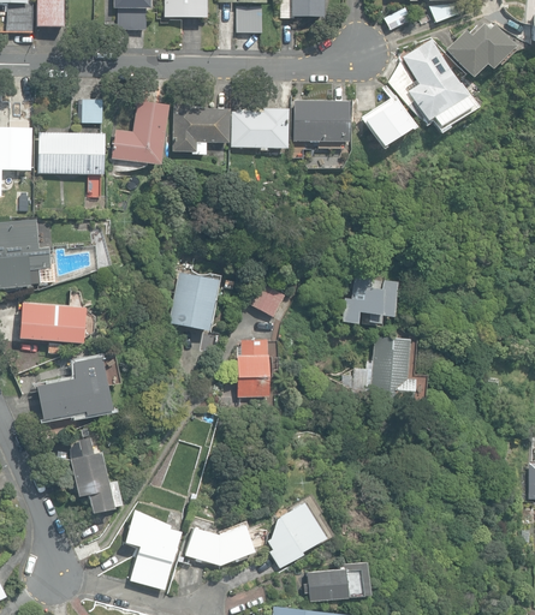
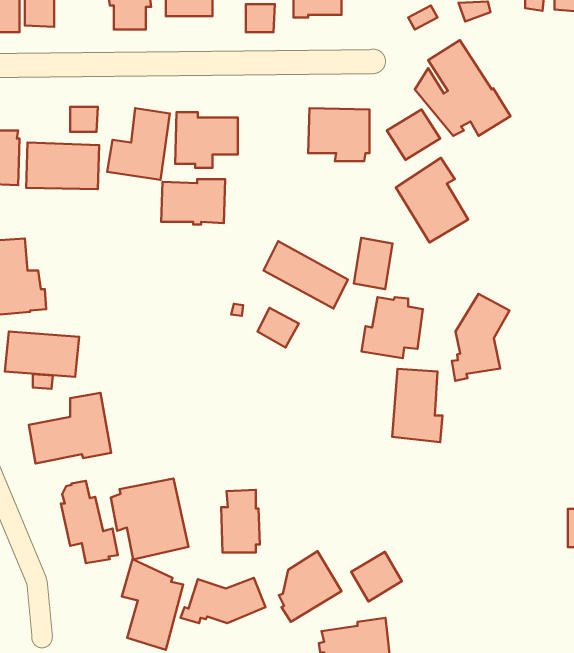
building: [445,24,515,77] -> none
building: [231,108,289,149] -> [161,179,225,225]
building: none -> [396,158,468,243]
building: none -> [354,238,393,289]
building: none -> [263,241,348,308]
building: none -> [452,294,509,381]
building: [168,271,219,330] -> none
building: [237,339,272,395] -> [221,490,260,552]
building: none -> [111,479,189,559]
building: none -> [351,552,402,602]

